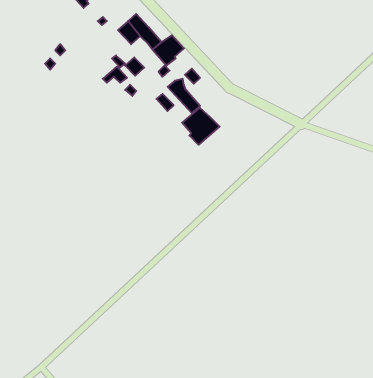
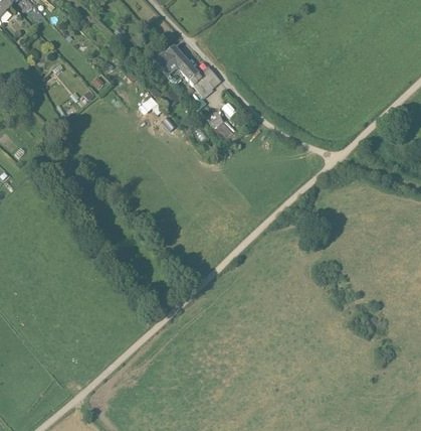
building: [182,108,220,145] -> none

